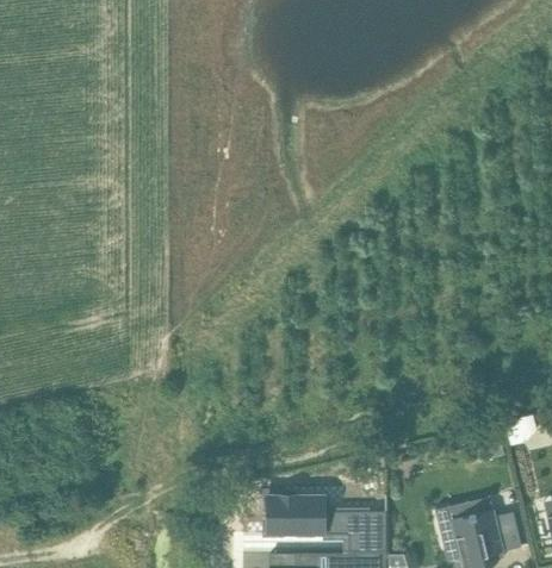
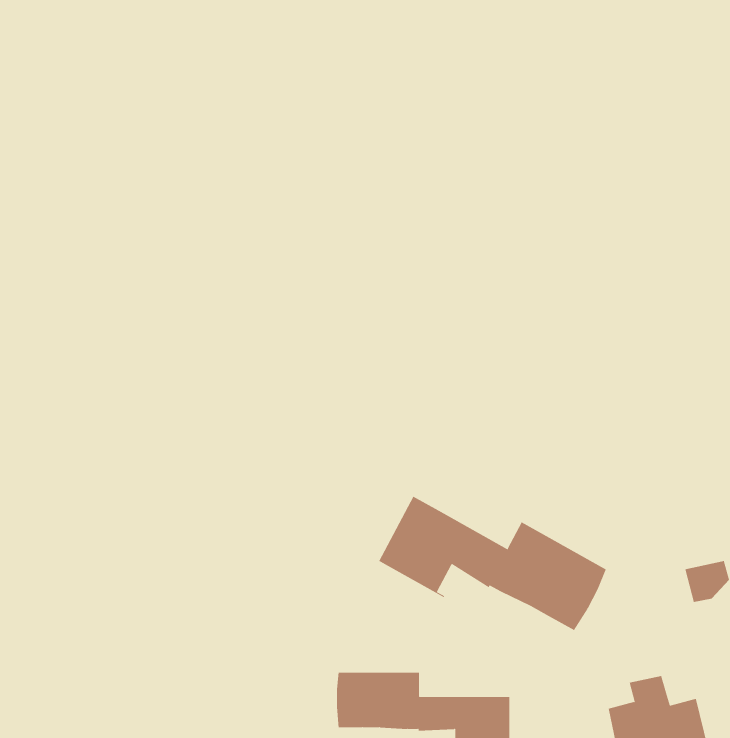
building: none -> [379,496,607,631]

